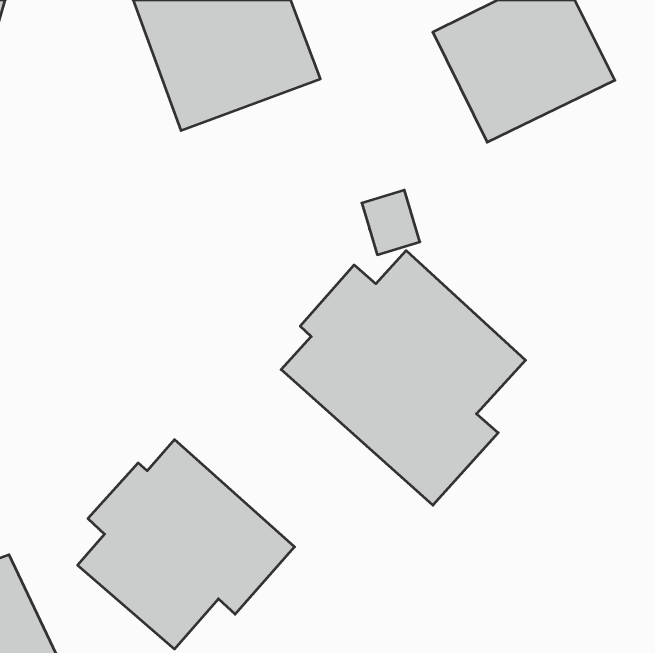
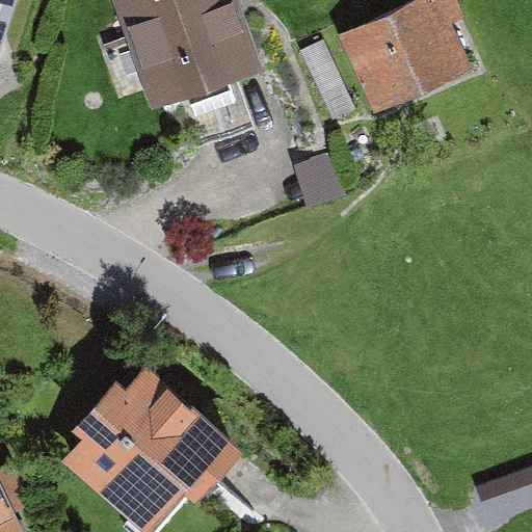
building: [281,251,526,505] -> none

